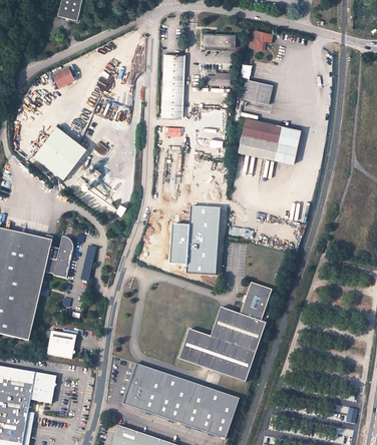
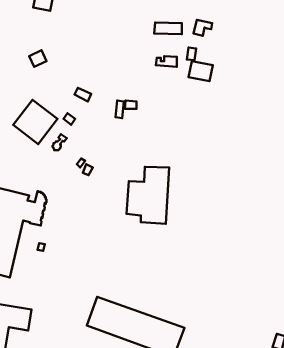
building: [158,54,185,117] -> none
building: [240,118,299,163] -> none
building: [177,283,272,383] -> none
building: [48,332,77,361] -> none

